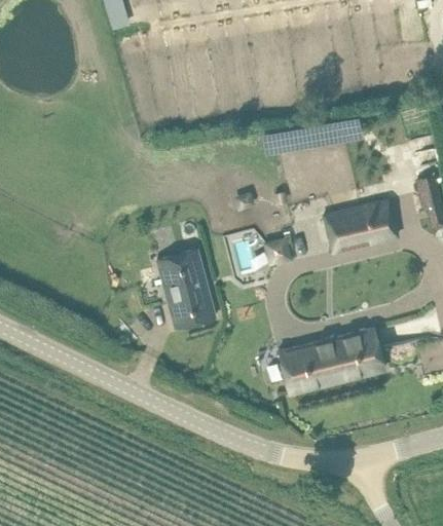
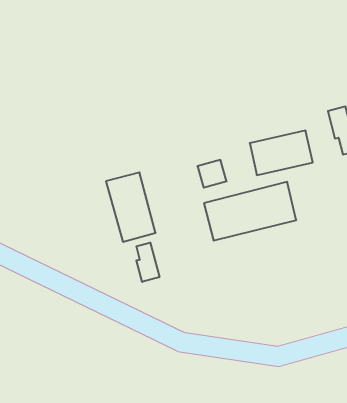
building: [278,328,384,396] -> [204,182,296,241]
building: none -> [136,243,159,282]

